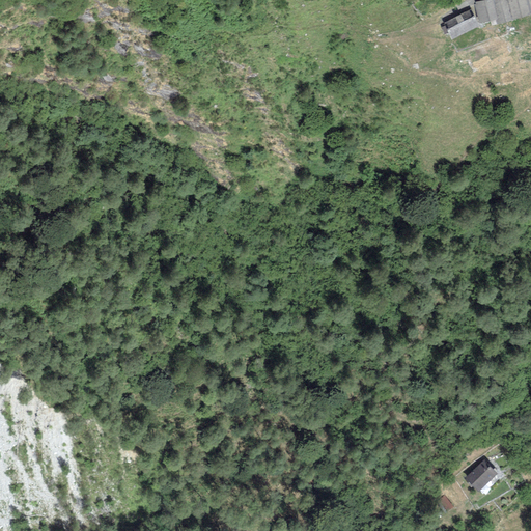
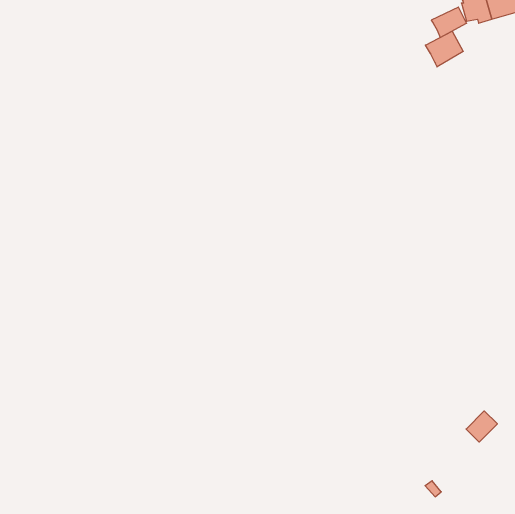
building: none -> [425,31,463,67]
building: [466,458,498,491] -> [466,411,497,442]

